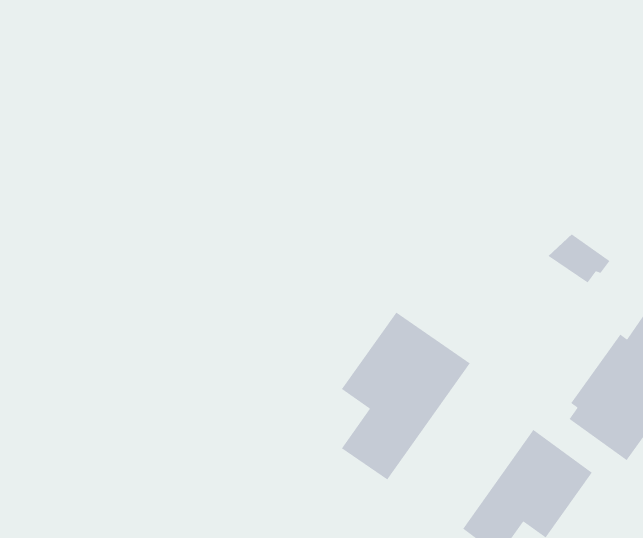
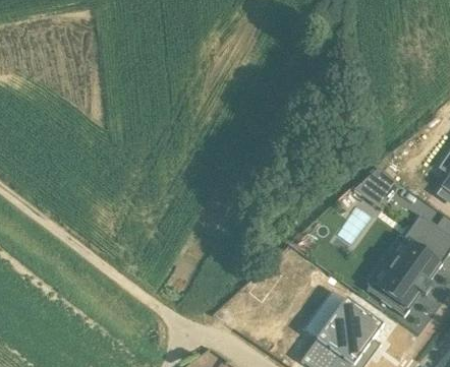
building: [341,312,471,481] -> none

